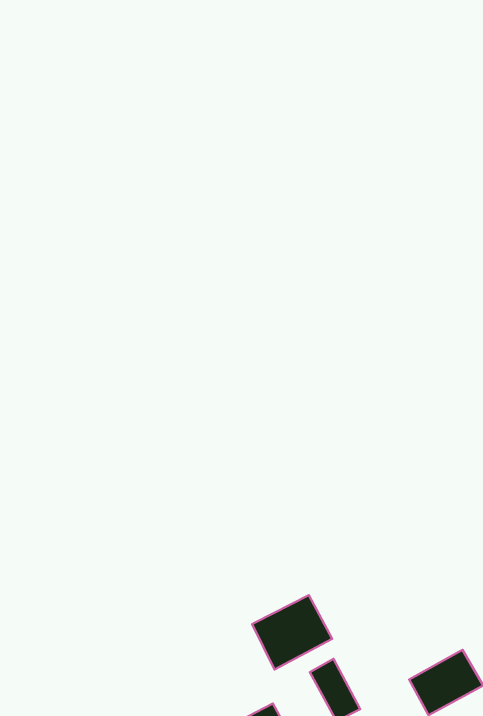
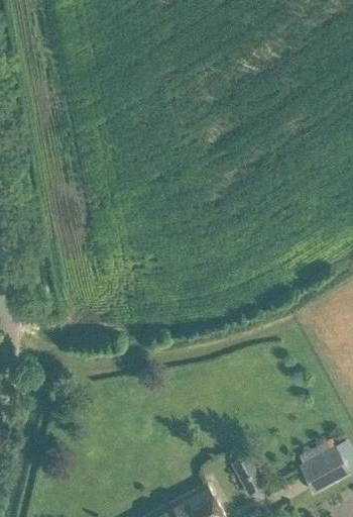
building: [252,595,332,669] -> none

